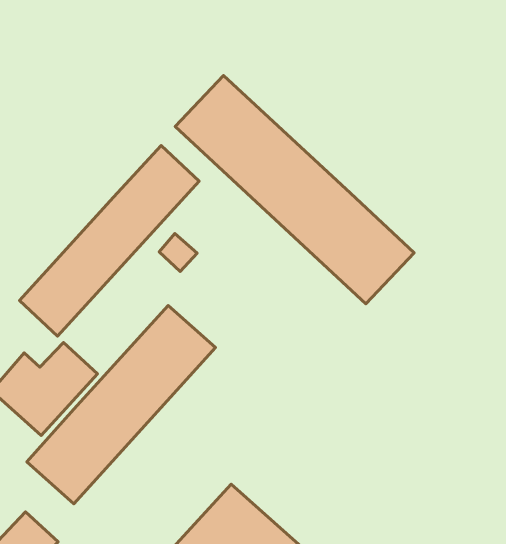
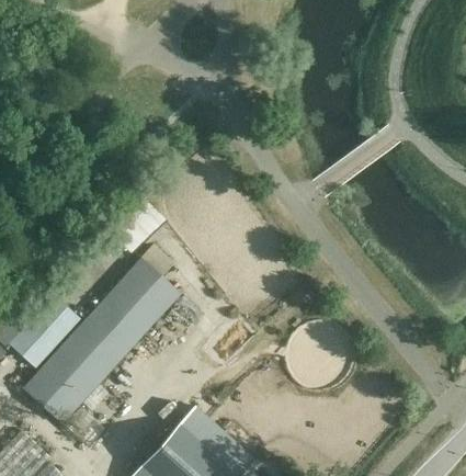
building: [175,76,414,304] -> none
building: [20,145,199,336] -> none

